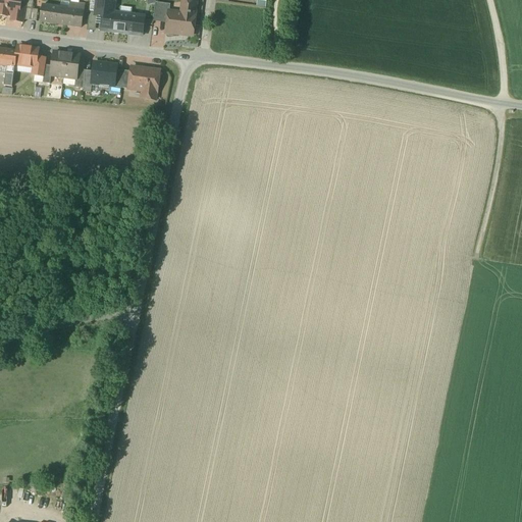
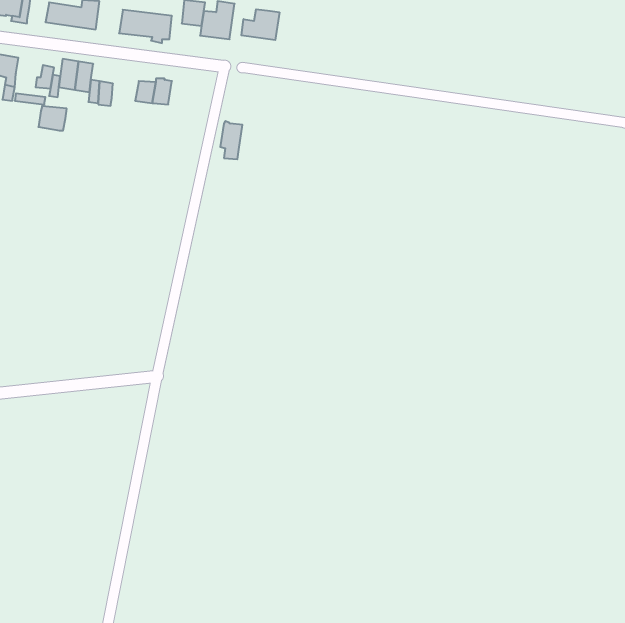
building: none -> [241,9,279,40]
building: [13,44,37,64] -> [38,106,67,131]
building: [93,60,115,84] -> none
building: [140,65,158,97] -> [220,121,242,159]

